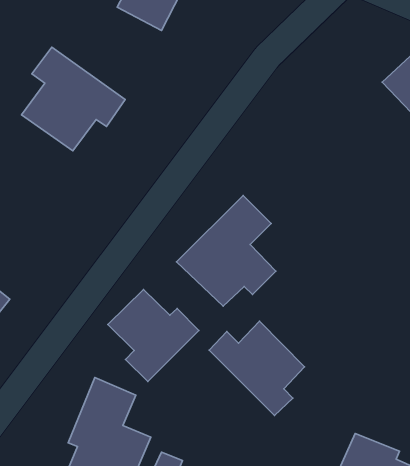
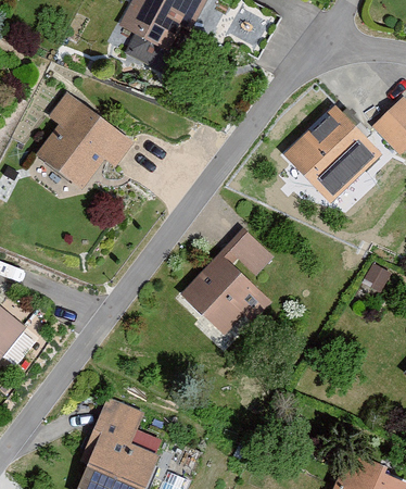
building: none -> [281,105,380,204]
building: [108,289,199,381] -> none
building: [209,321,305,416] -> none

